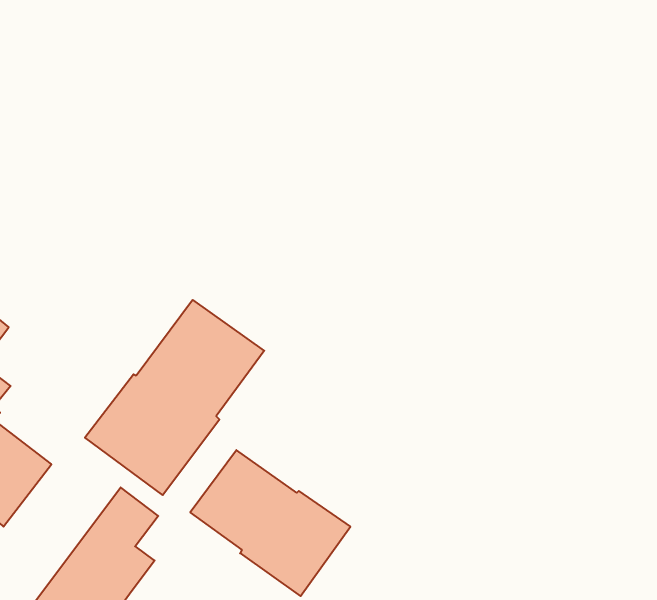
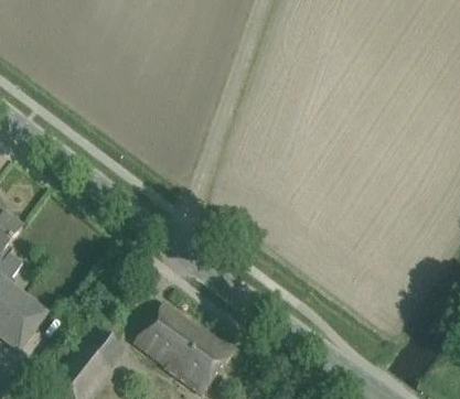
building: [85,300,264,495] -> none

